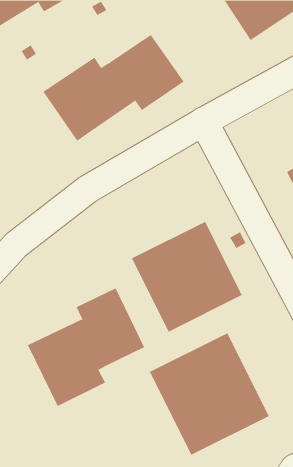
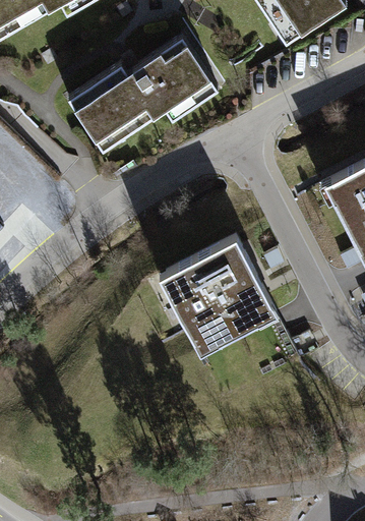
building: [27,288,145,407] -> none
building: [149,332,270,456] -> none

